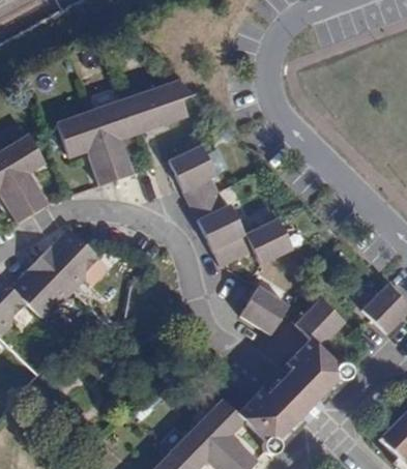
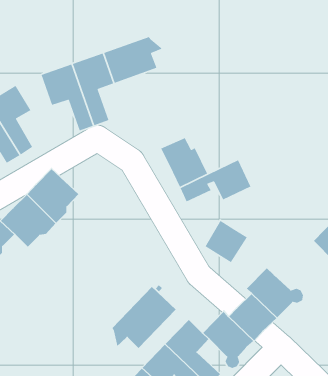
building: [169,144,219,205] -> none
building: [295,298,345,348] -> none
building: none -> [112,286,176,349]

